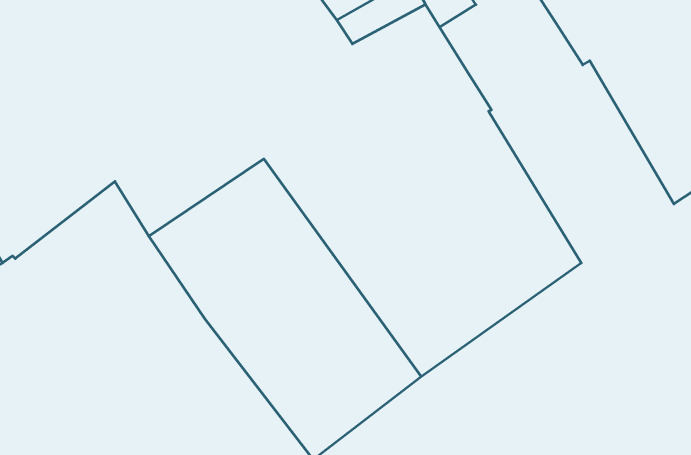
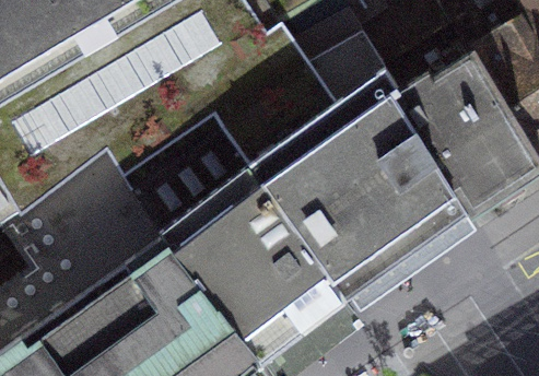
building: none -> [366,38,525,225]

